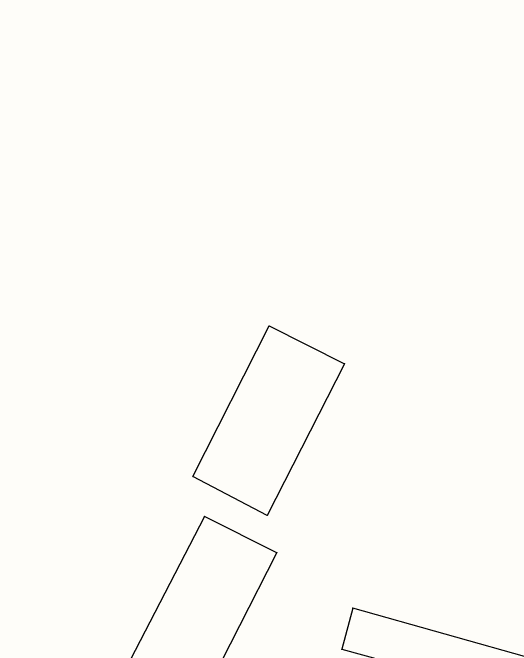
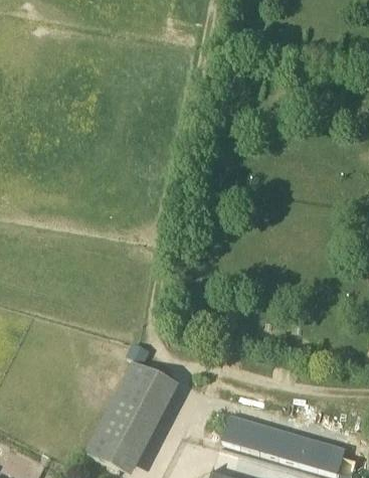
building: [193,326,345,515] -> none

